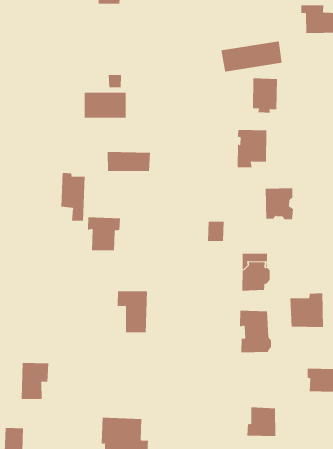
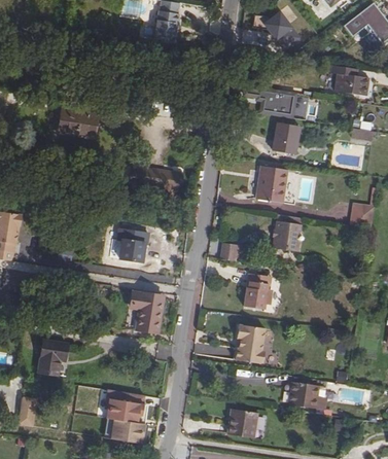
building: [84,92,127,118] -> [61,110,101,138]
building: [61,172,85,222] -> none
building: [290,292,323,328] -> none

